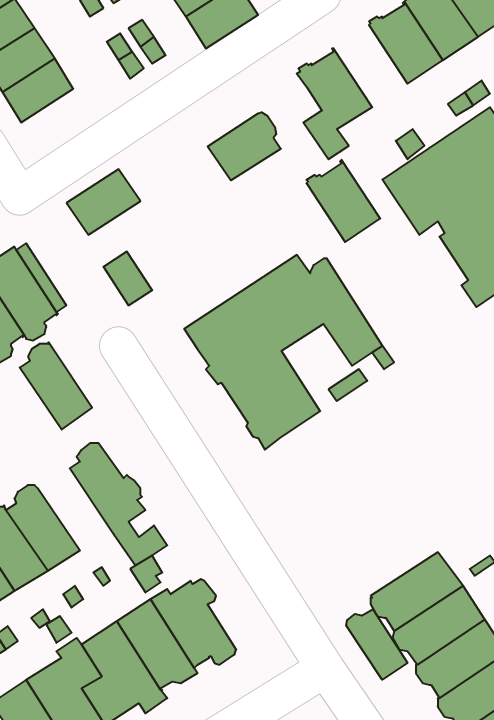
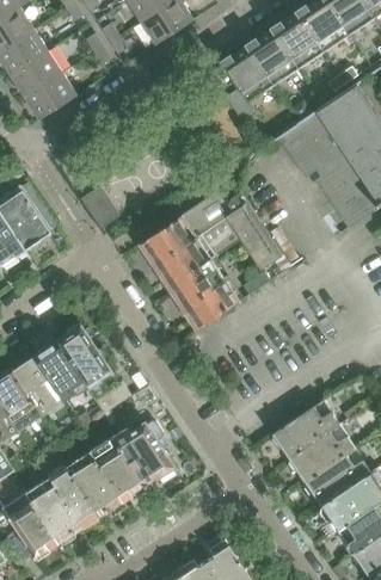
building: [208,112,281,180] -> none
building: [306,160,380,242] -> [246,27,299,86]
building: [67,169,140,235] -> [24,73,76,119]
building: [20,342,92,430] -> [36,339,87,401]
building: [346,609,407,680] -> none

